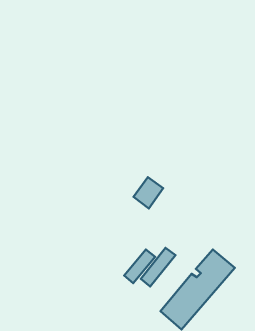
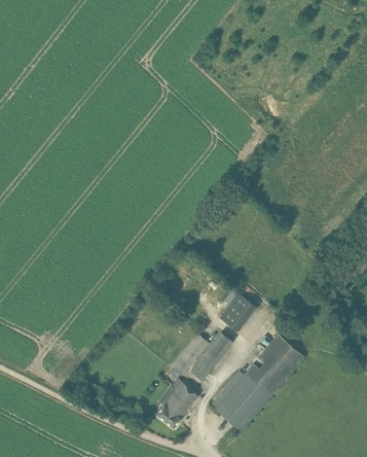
building: [133,177,163,209] -> [220,293,256,331]
building: none -> [157,382,198,427]

